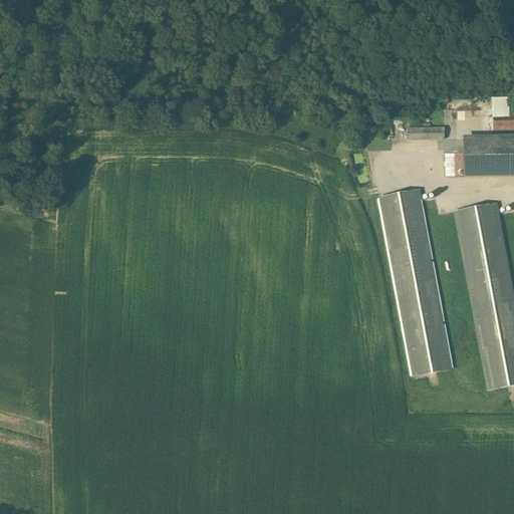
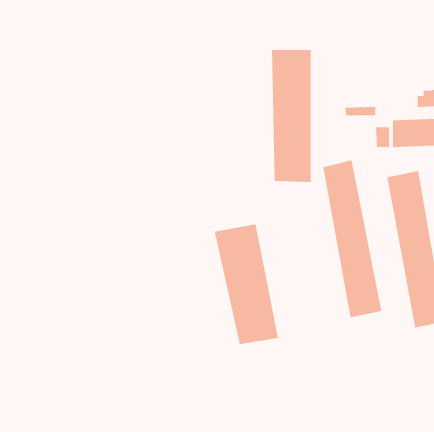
building: none -> [271,49,311,183]
building: none -> [214,223,278,345]

